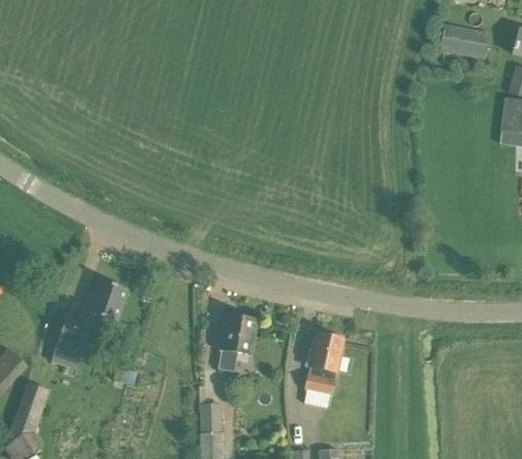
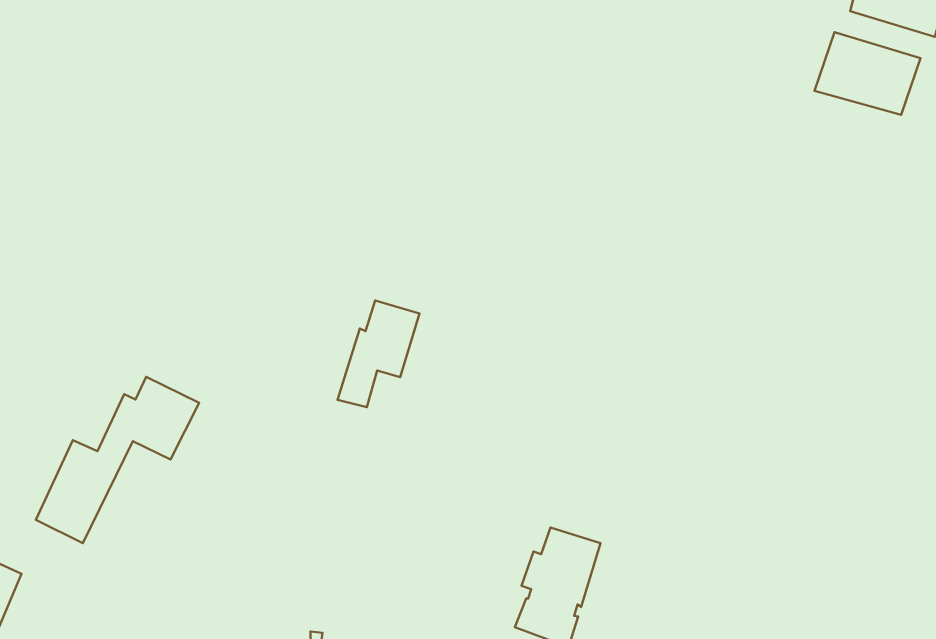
building: none -> [814,32,920,115]
building: [219,314,256,370] -> [338,300,420,407]

